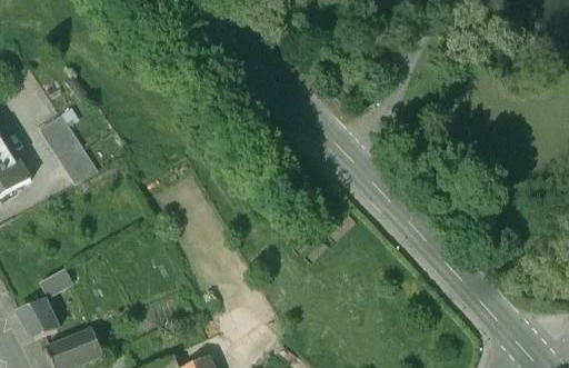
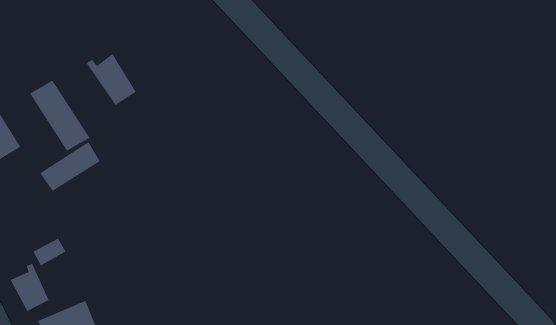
building: none -> [86,53,137,106]
building: none -> [40,141,100,192]

